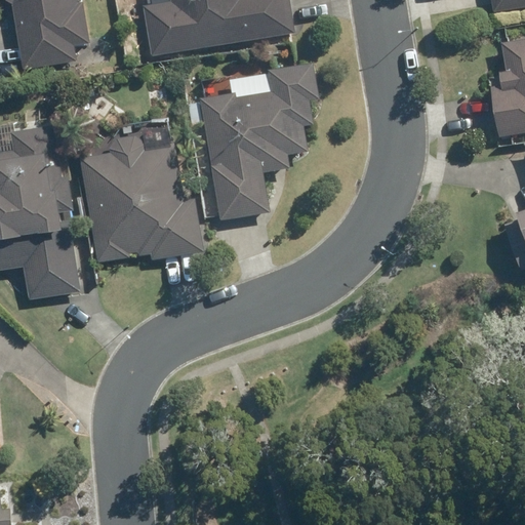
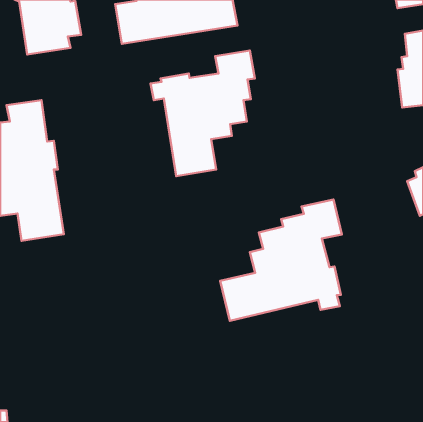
building: [80,135,202,261] -> none
building: none -> [220,200,342,321]

